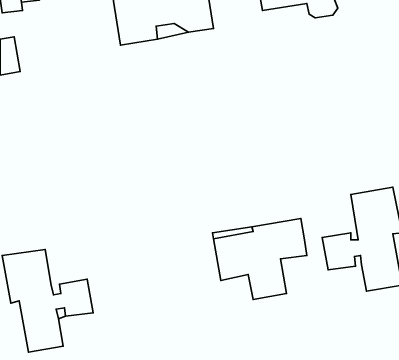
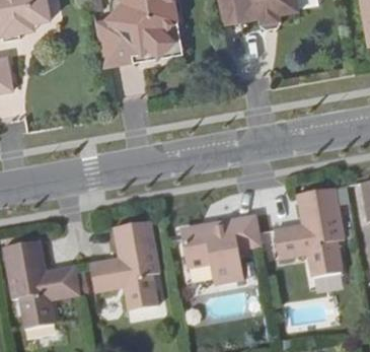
building: none -> [88,220,157,309]

